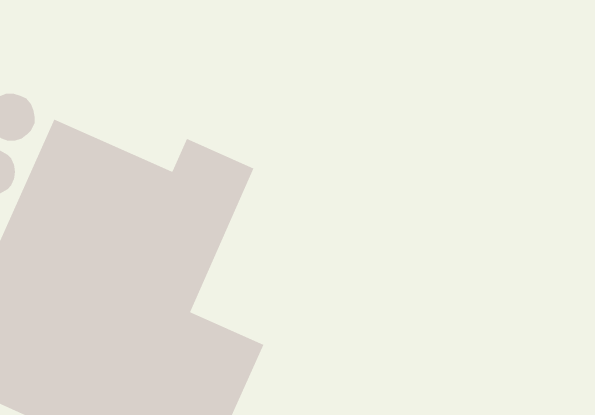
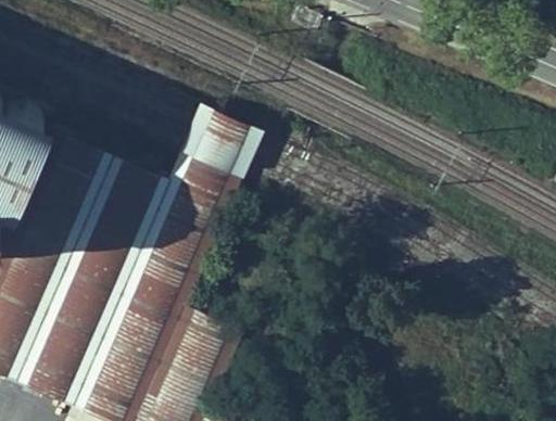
building: none -> [175,104,257,179]

